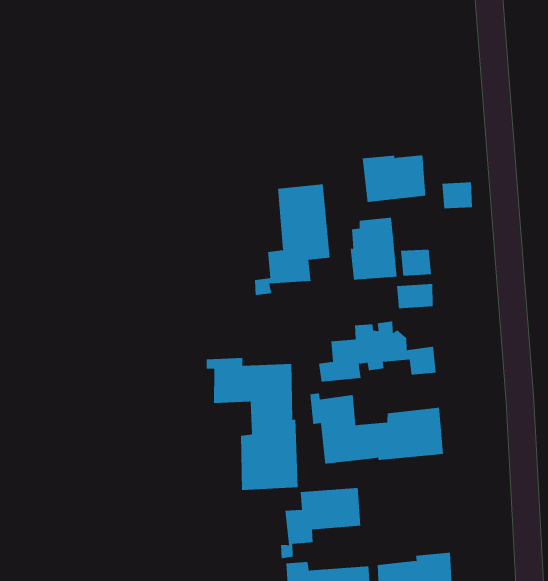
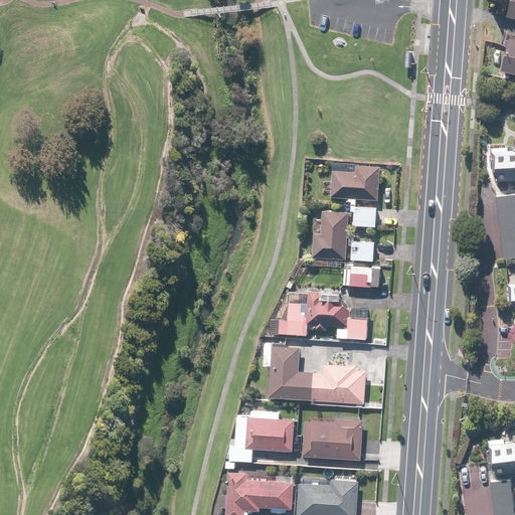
building: [441,182,473,209] -> [353,206,378,228]
building: [255,184,330,296] -> none
building: [206,357,298,491] -> none
building: none -> [303,418,364,459]

